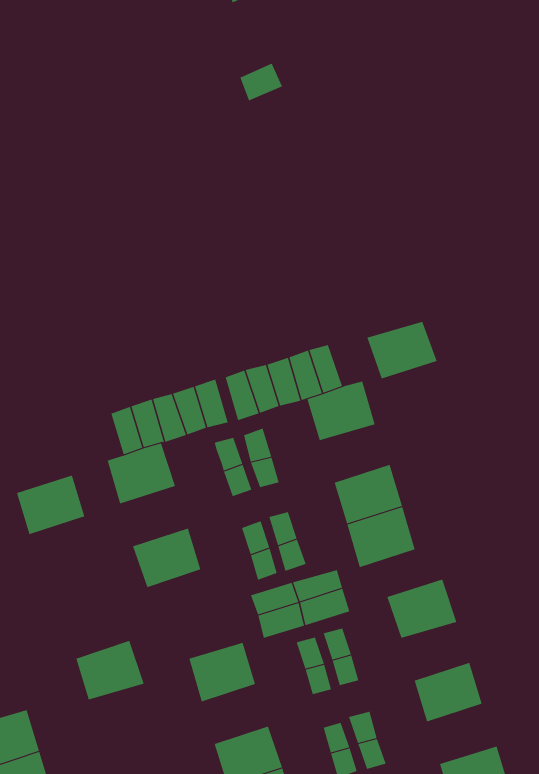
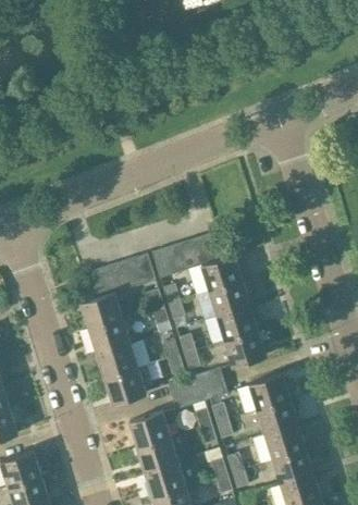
building: [367,321,437,379] -> [208,281,250,316]
building: [16,475,85,535] -> [88,318,129,354]
building: none -> [257,399,298,434]
building: [76,640,144,700] -> [104,368,146,404]
building: none -> [137,436,177,472]
building: none -> [272,448,314,484]

